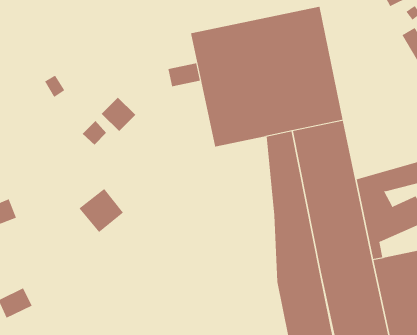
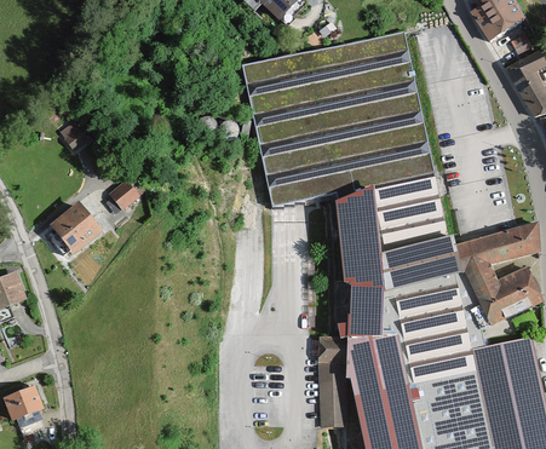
building: [168,63,201,87] -> none
building: [101,97,136,132] -> none
building: [78,188,124,233] -> [47,201,104,257]

